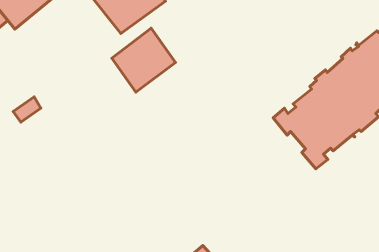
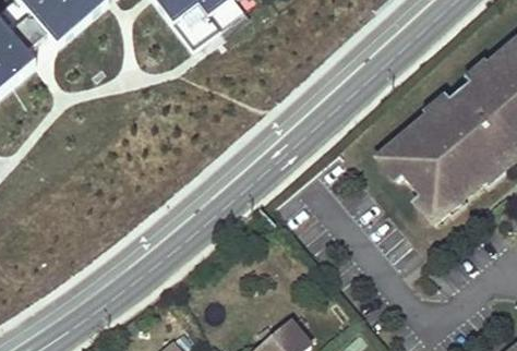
building: [112,28,176,92] -> none

